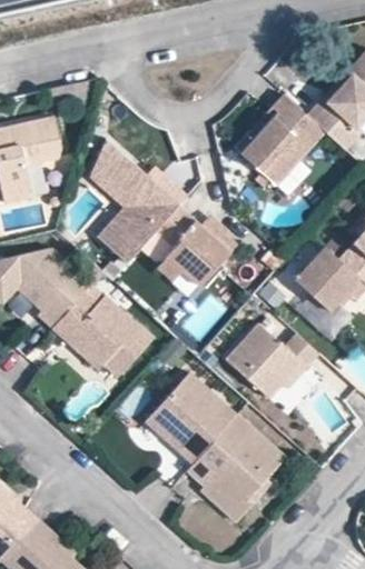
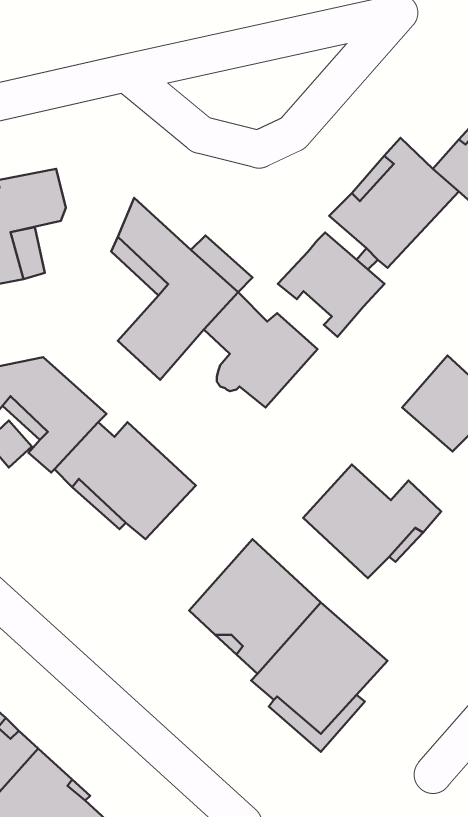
building: none -> [278,232,384,337]

